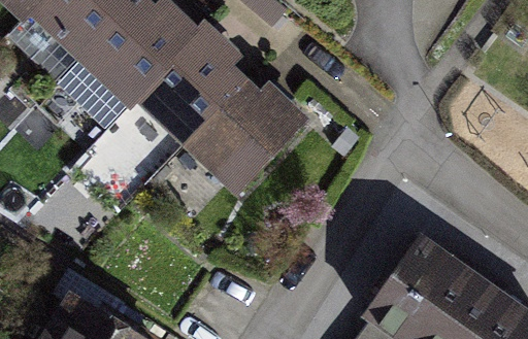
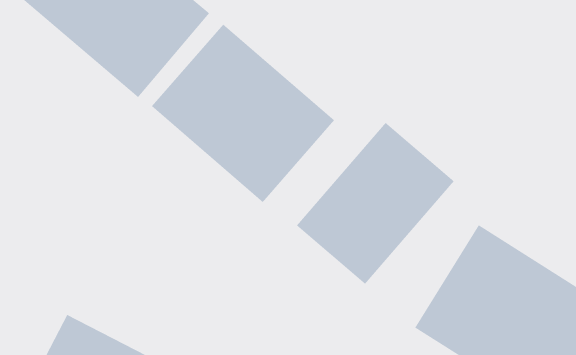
building: none -> [296,122,455,285]

